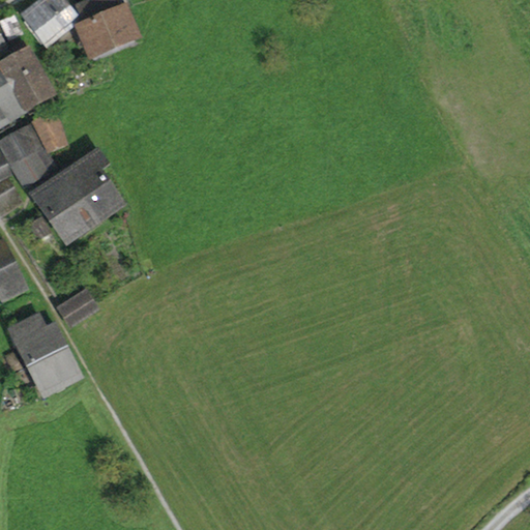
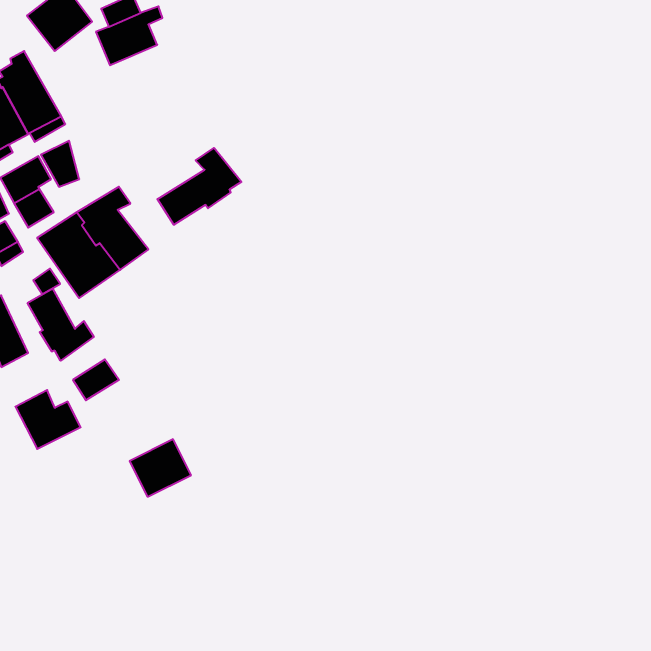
building: none -> [157,148,241,225]
building: none -> [28,288,94,361]
building: [30,346,80,392] -> [130,439,191,497]

